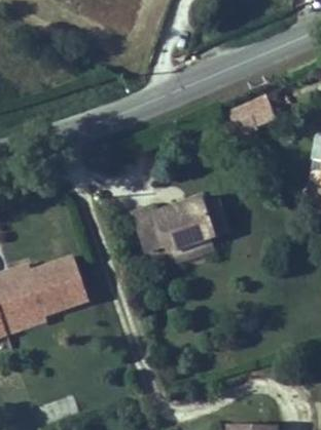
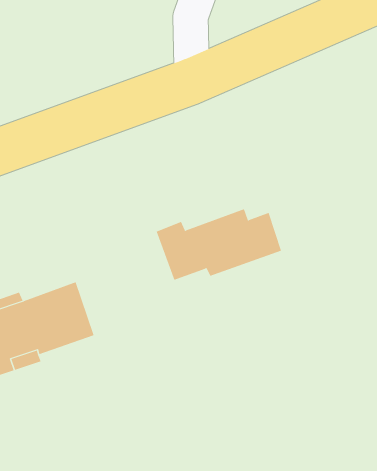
building: [229,92,279,135] -> none

